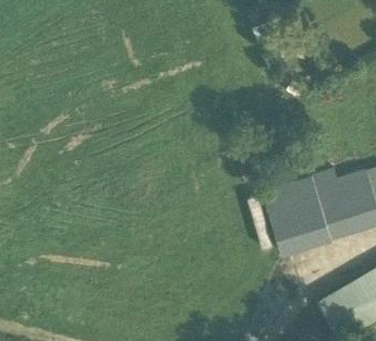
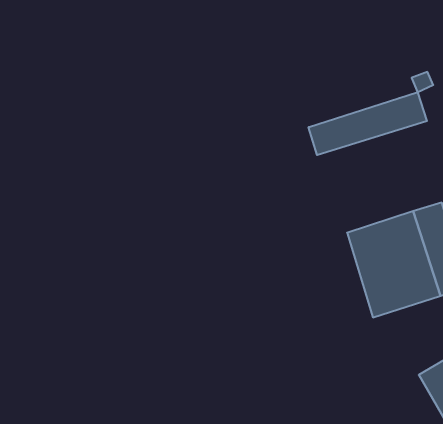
building: none -> [309,92,427,155]

